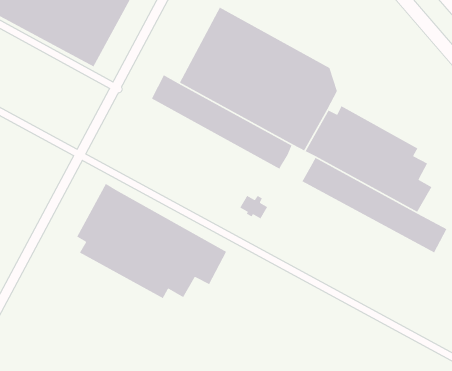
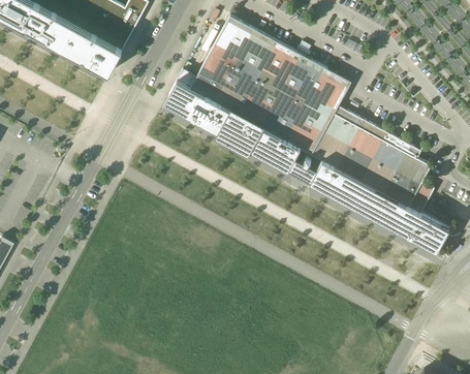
building: [76,183,227,299] -> none
building: [239,195,268,220] -> [288,158,316,182]

